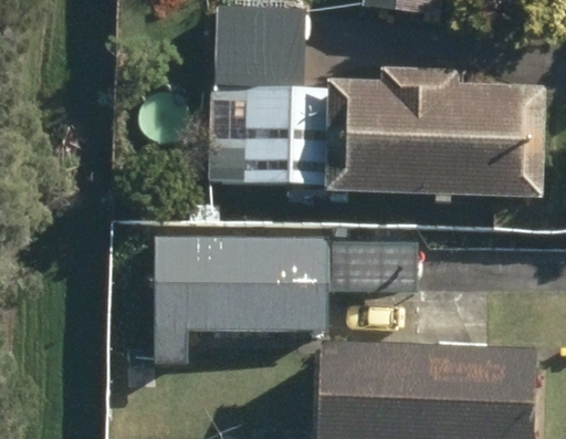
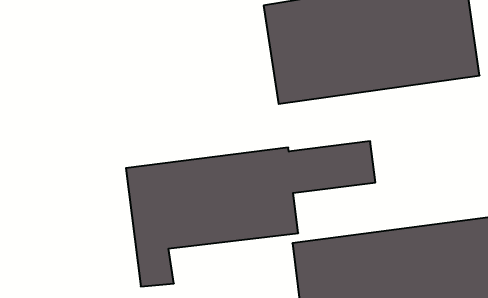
building: [210,86,323,180] -> none

